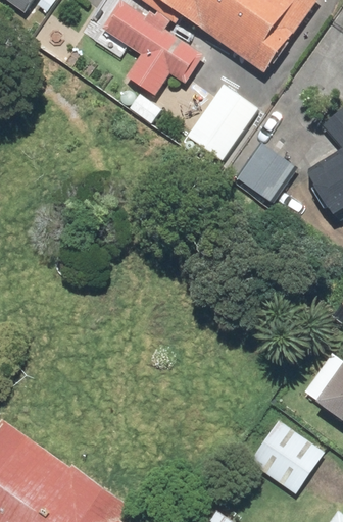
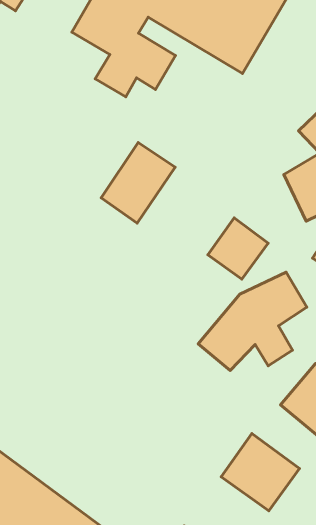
building: [188,83,259,160] -> [101,143,175,223]
building: [236,142,294,201] -> [208,218,268,279]
building: none -> [198,272,307,370]

